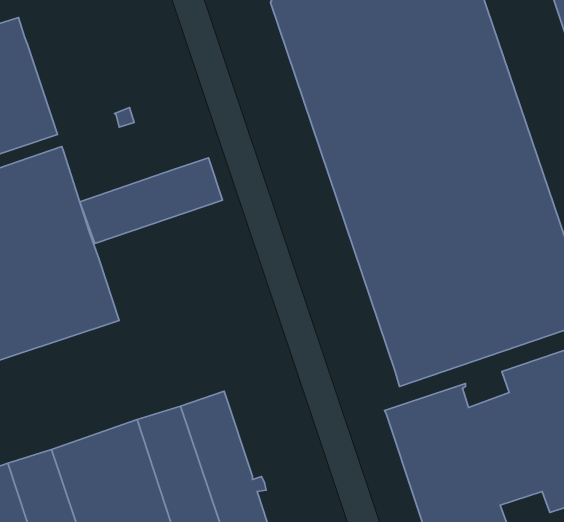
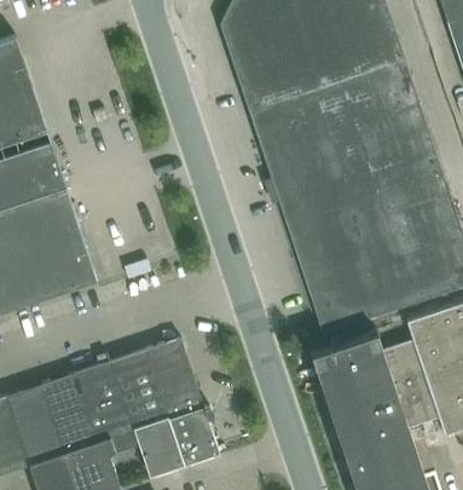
building: [80,158,223,244] -> none

